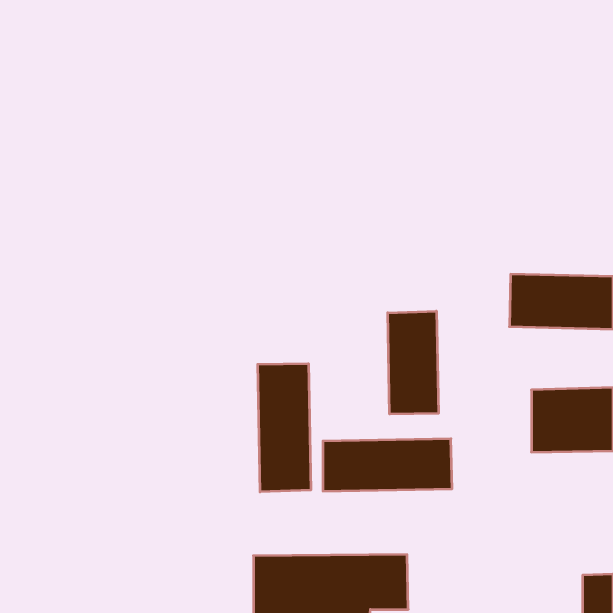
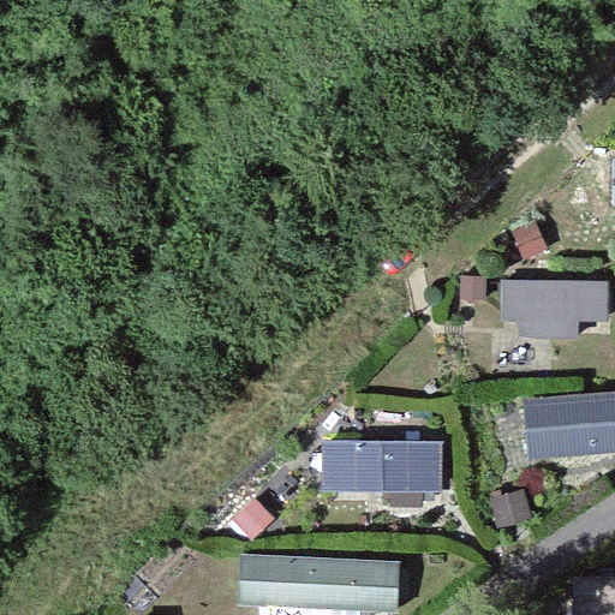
building: [388,311,438,414] -> none
building: [258,364,311,492] -> none

